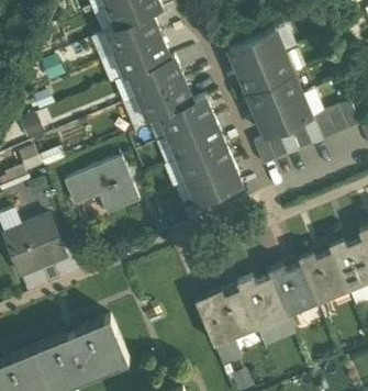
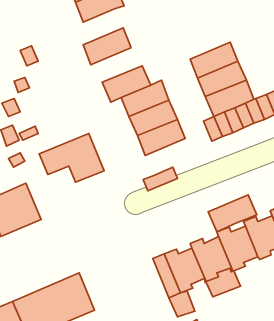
building: [104,12,160,54] -> none
building: [227,29,283,70] -> none
building: [127,55,182,97] -> none
building: [186,161,242,204] -> [208,195,257,232]

